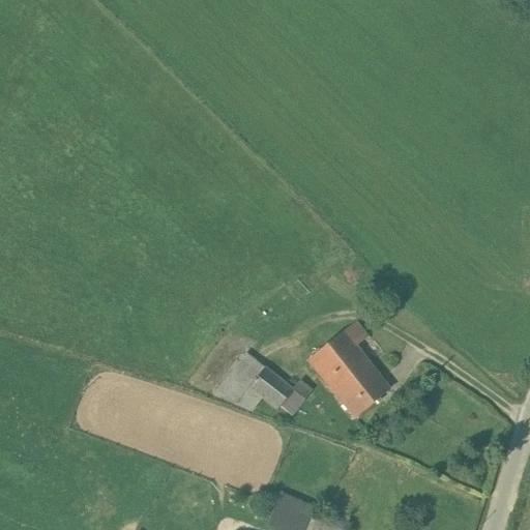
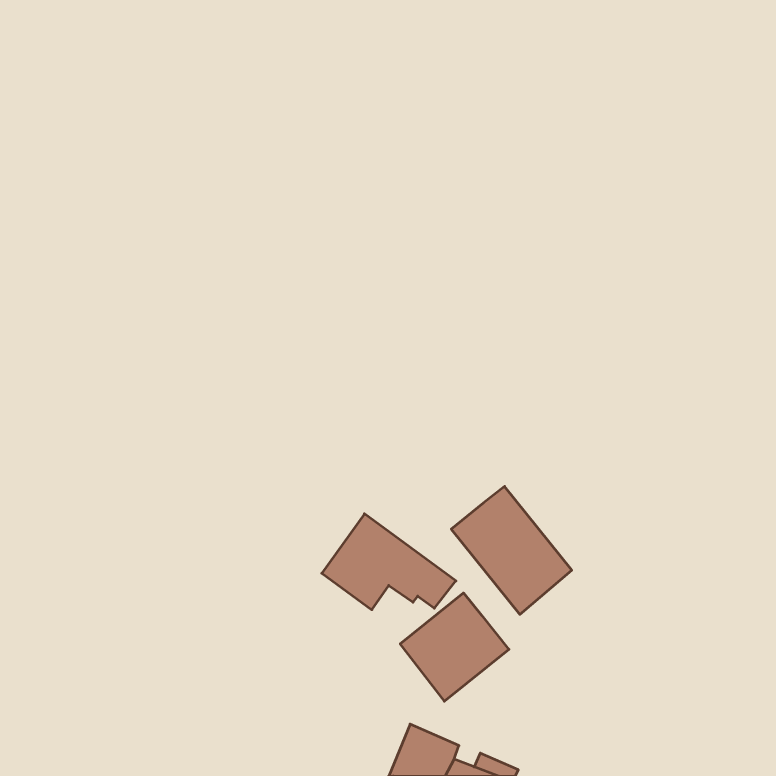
building: none -> [400,593,509,701]

